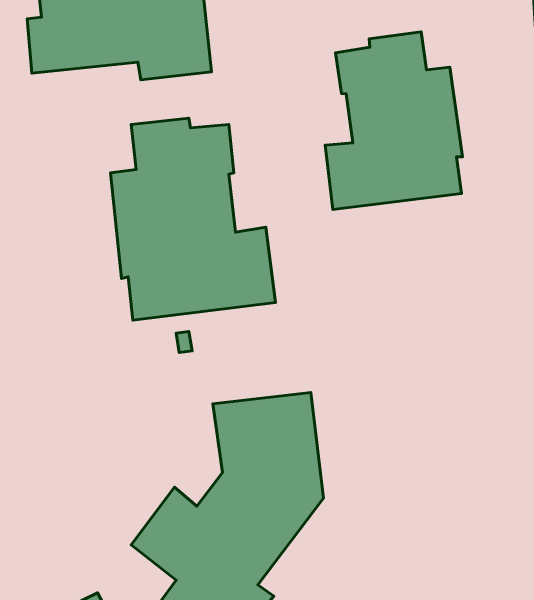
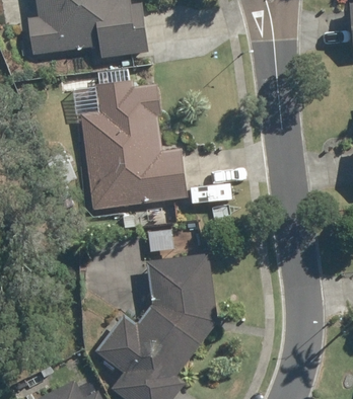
building: [325,32,462,209] -> none

